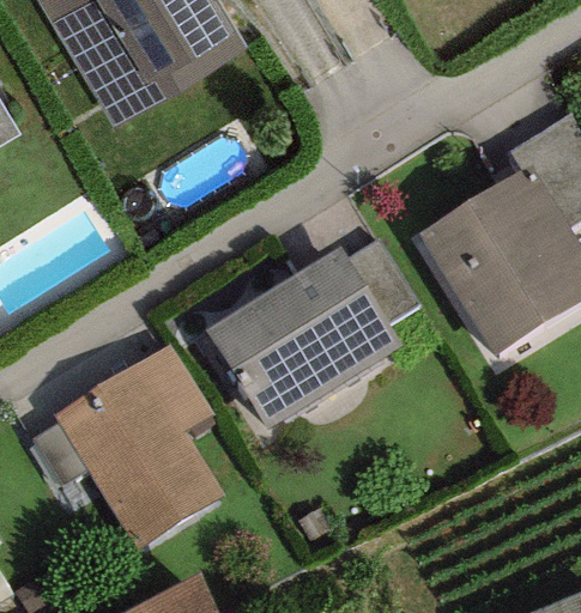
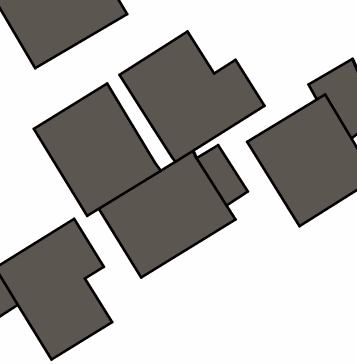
building: none -> [120,31,264,162]
building: none -> [34,84,161,216]

